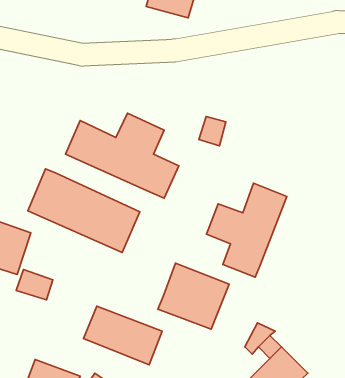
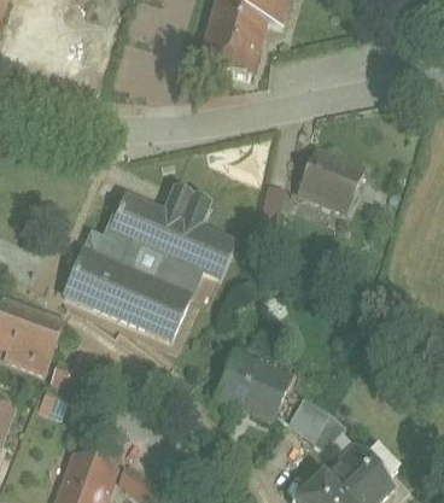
building: none -> [298,142,368,211]
building: none -> [95,224,203,291]
building: [207,183,287,277] -> none
building: [83,306,162,365] -> none
building: none -> [291,407,327,446]

